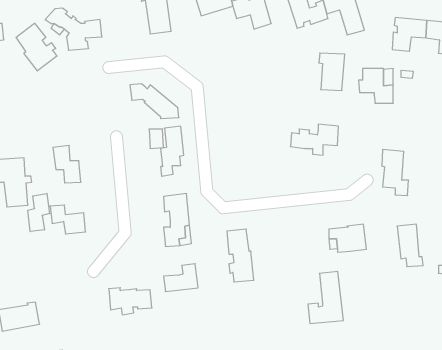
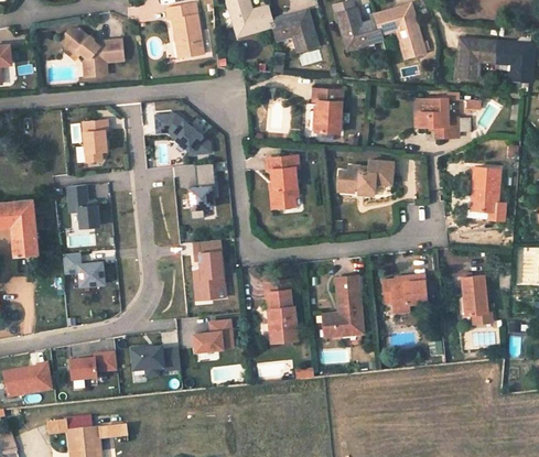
building: [16,23,57,71] -> none
building: [319,53,345,91] -> [313,89,343,132]
building: none -> [83,120,108,162]
building: none -> [267,156,299,208]
building: [382,149,409,196] -> [474,167,505,220]
building: [28,193,50,232] -> none
building: [308,271,343,323] -> [323,276,364,336]
building: none -> [71,353,118,382]

